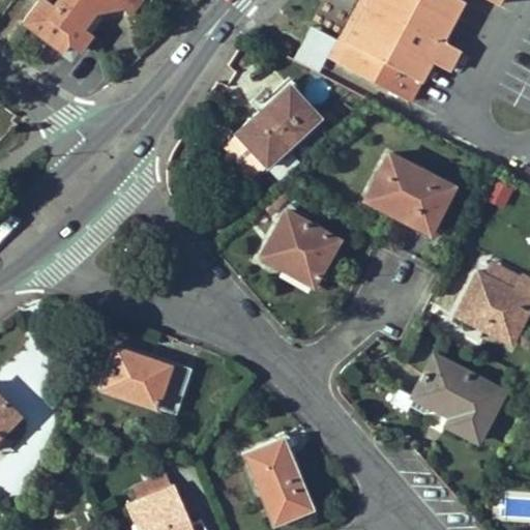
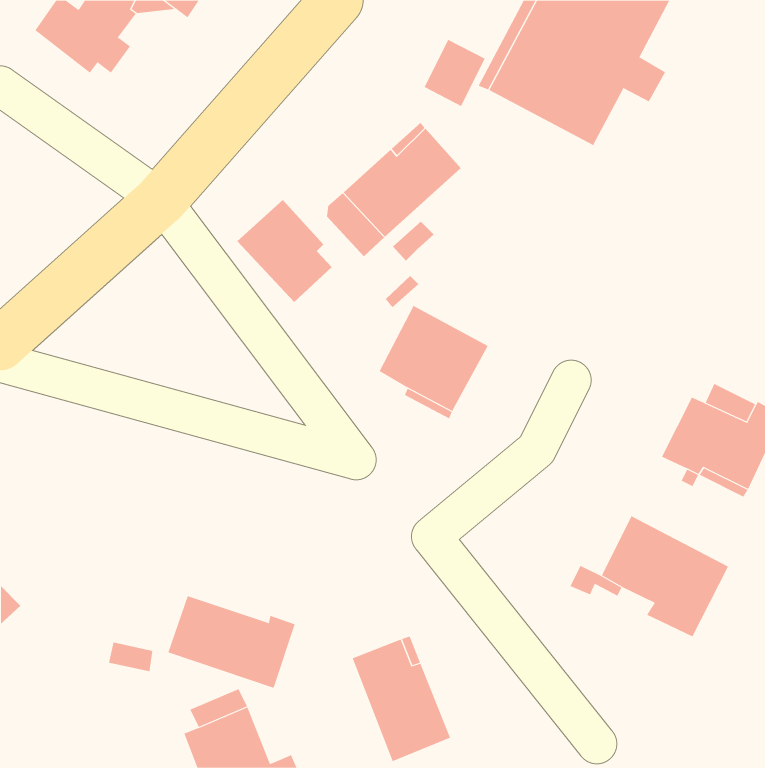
building: none -> [237,199,333,303]
building: [366,152,453,232] -> none
building: [102,349,190,413] -> [168,595,295,689]

